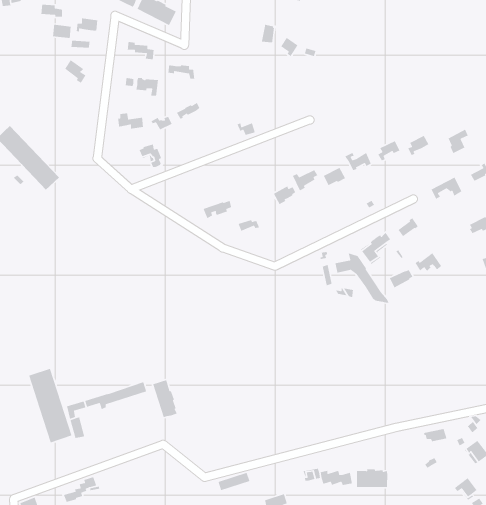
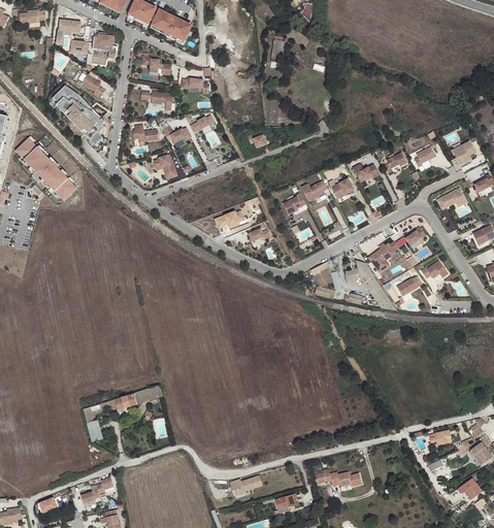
building: none -> [54,86,105,145]
building: [28,368,72,443] -> none
building: [152,379,178,418] -> none
building: [356,469,388,488] -> none

